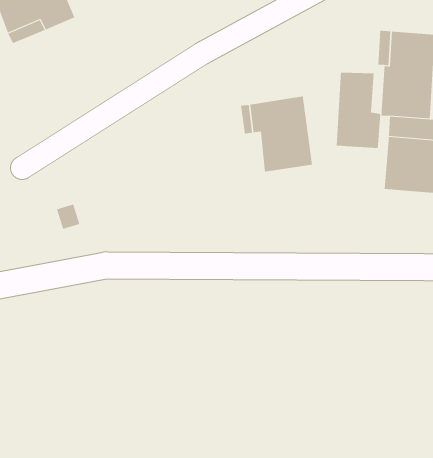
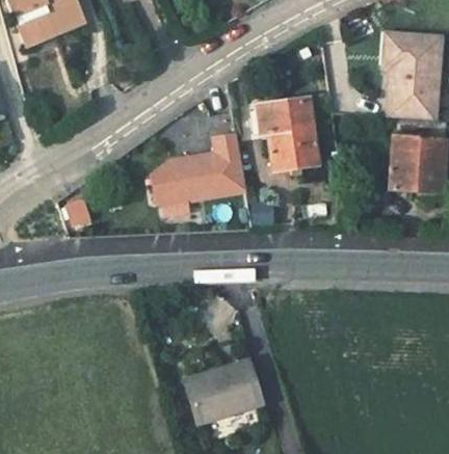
building: [336,72,381,149] -> none
building: none -> [151,133,245,199]
building: none -> [184,359,261,438]

